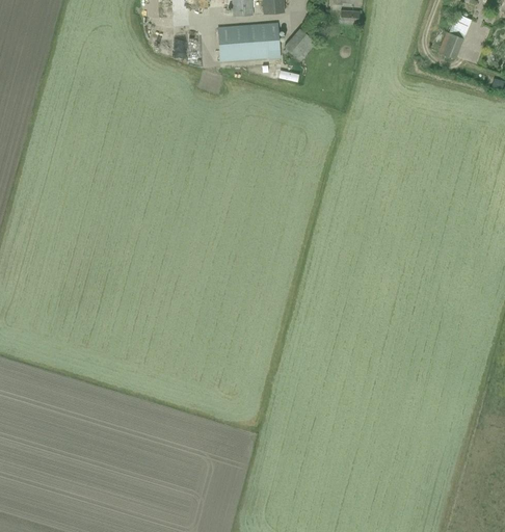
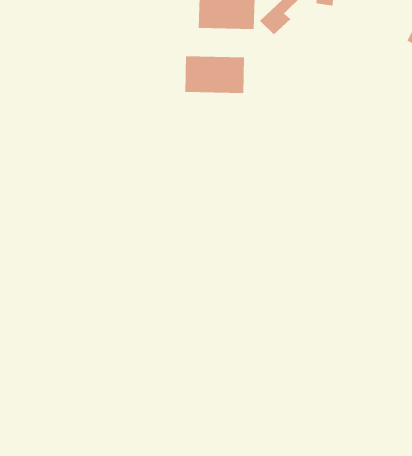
building: none -> [185,56,244,94]

